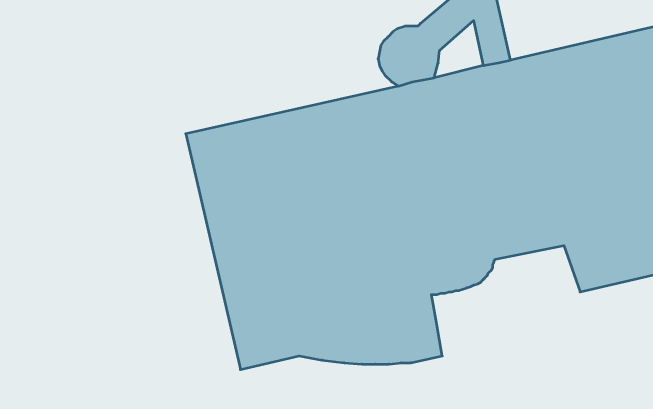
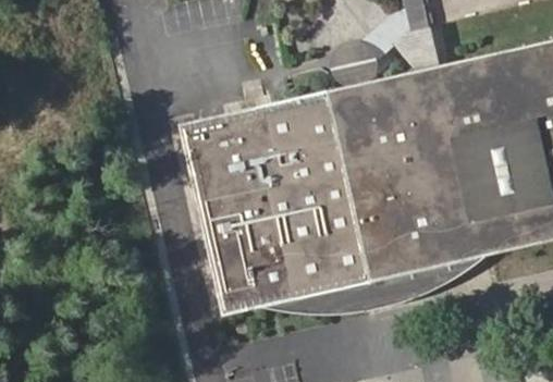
building: none -> [373,215,492,309]

